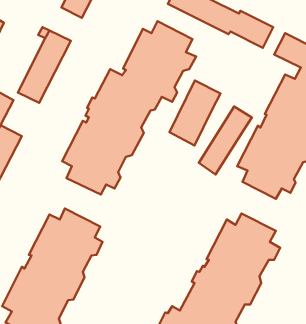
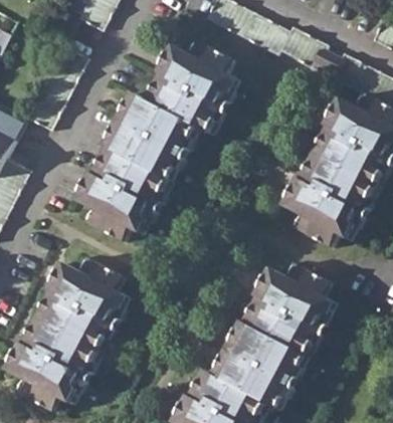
building: [169,81,221,145] -> none
building: [199,106,252,174] -> none

